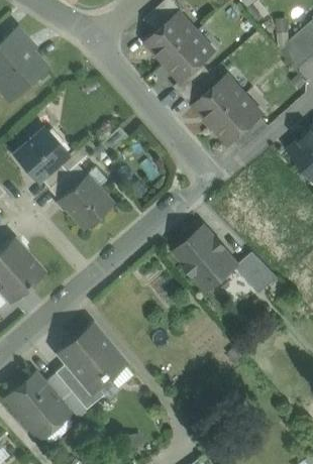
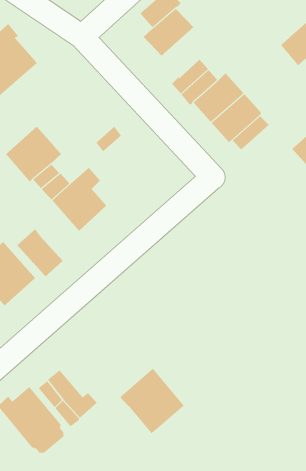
building: [165,33,213,82] -> none
building: none -> [16,229,63,277]
building: [175,229,233,286] -> none
building: [235,252,278,295] -> none
building: [59,325,121,388] -> [120,368,185,434]

